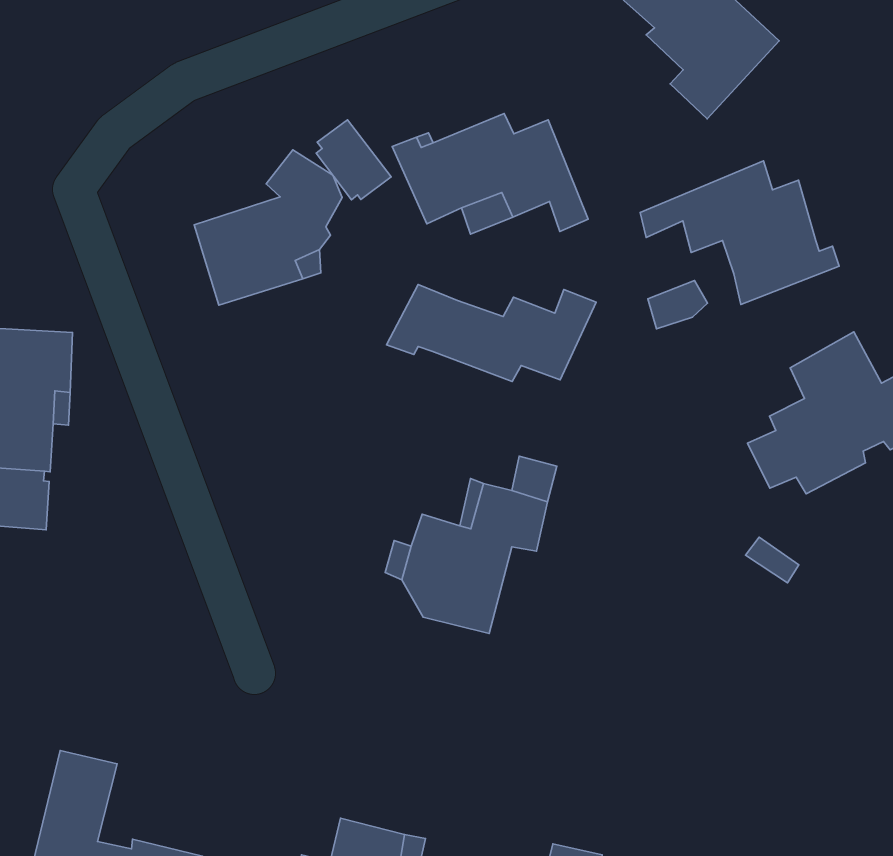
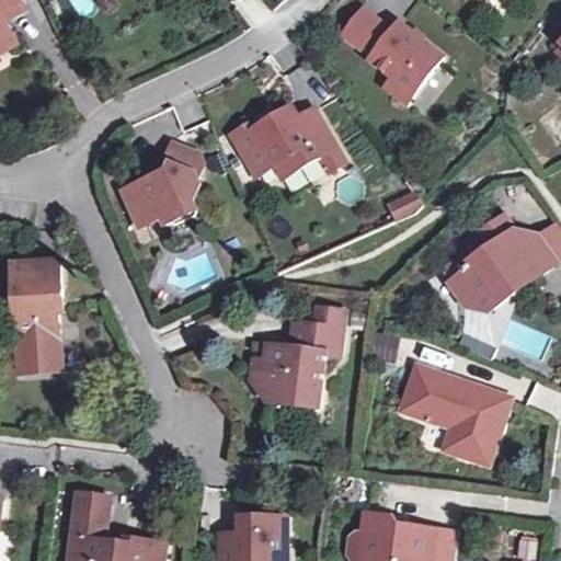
building: [316,120,391,200] -> none
building: [640,161,839,305] -> none
building: [386,285,596,381] -> none
building: none -> [398,362,511,463]

